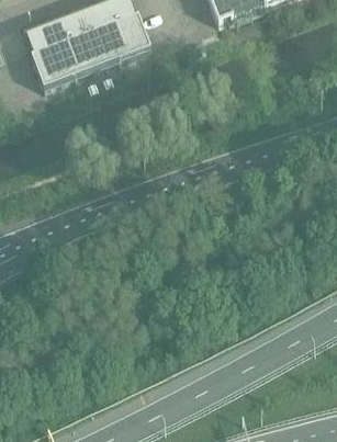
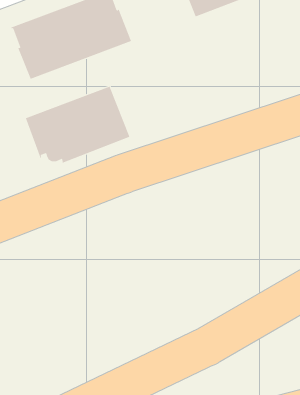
building: none -> [25,86,130,163]

